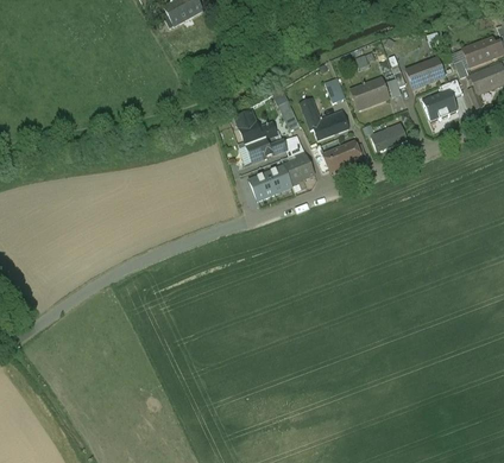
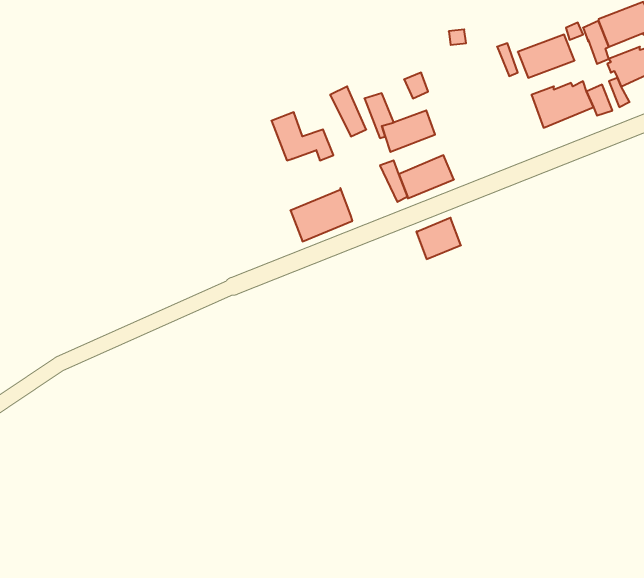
building: [351,77,389,109] -> none
building: [371,123,407,151] -> none
building: [248,138,286,163] -> none
building: [283,154,314,183] -> [416,218,461,259]

